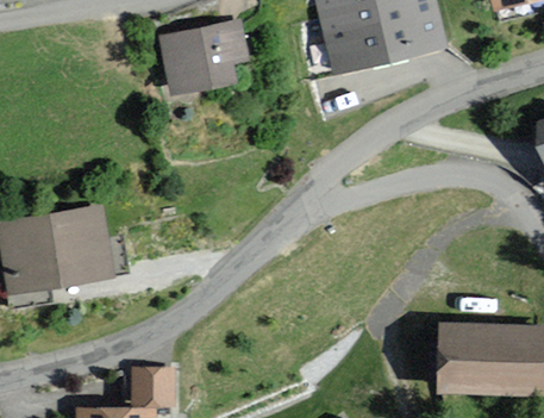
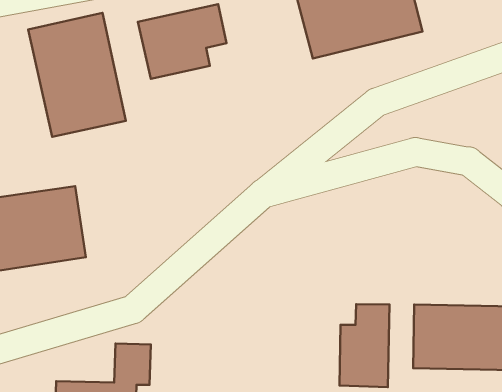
building: none -> [28,13,126,137]
building: none -> [339,304,389,387]

